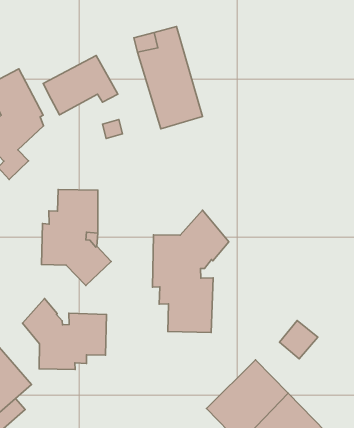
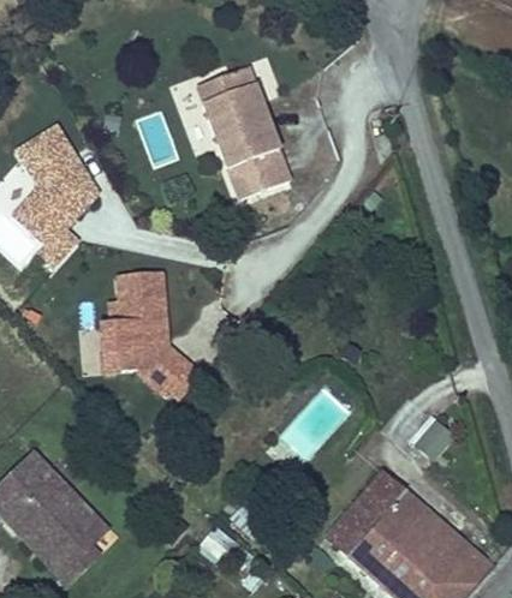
building: [43,55,118,115] -> none
building: [153,210,229,333] -> none
building: [22,298,106,370] -> none

